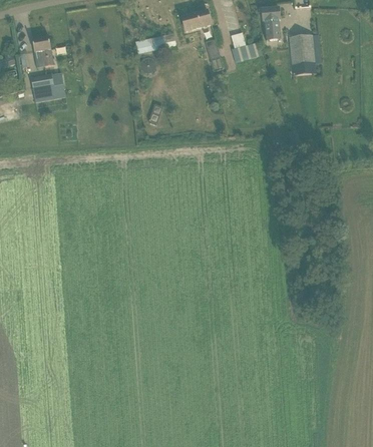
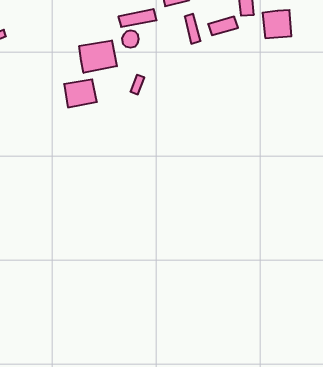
building: [32,35,53,65] -> none
building: none -> [79,40,117,73]
building: [30,71,65,101] -> [64,79,97,107]

